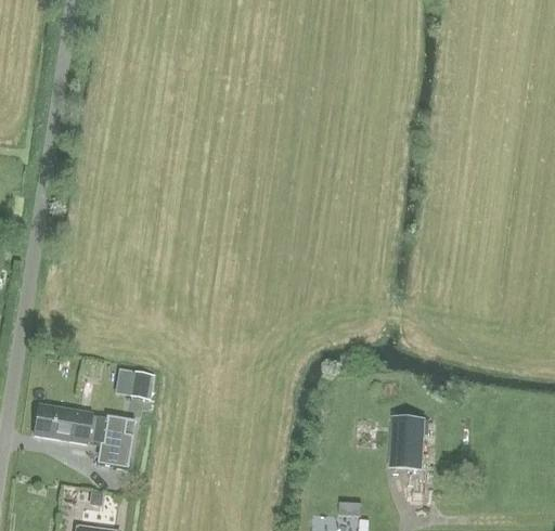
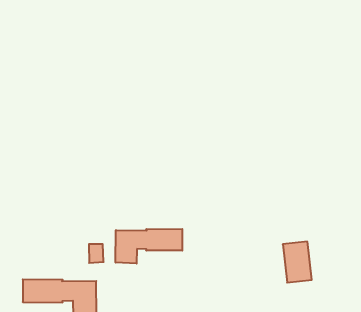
building: none -> [116,229,182,264]

